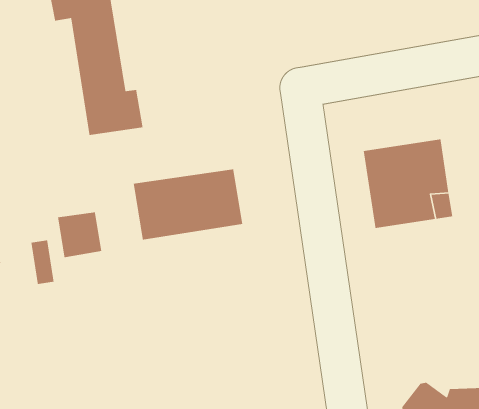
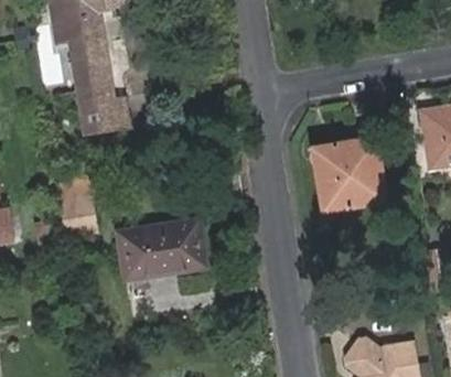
building: [133,169,243,240] -> [115,219,206,279]

